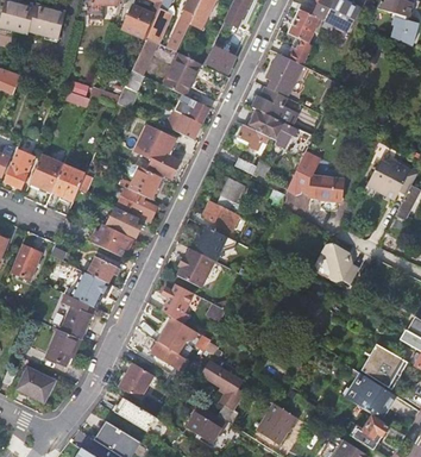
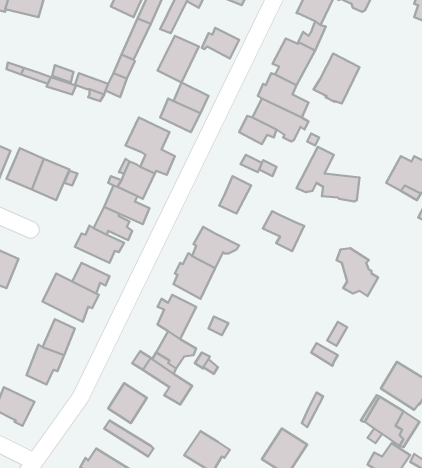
building: none -> [314,53,360,104]
building: [202,201,239,237] -> [263,211,304,251]
building: [200,361,241,424] -> none

